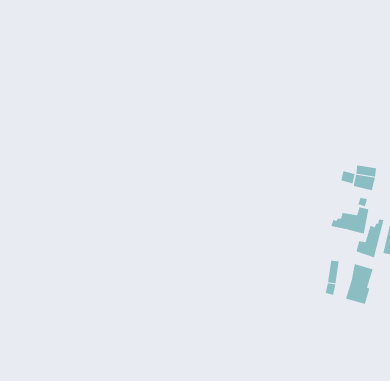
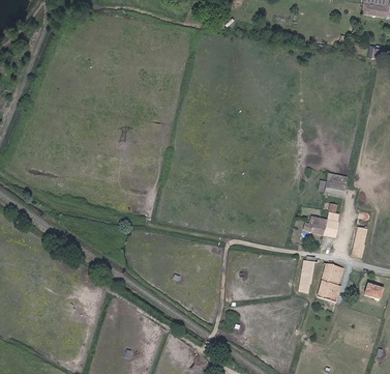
building: [356,219,384,258] -> none

